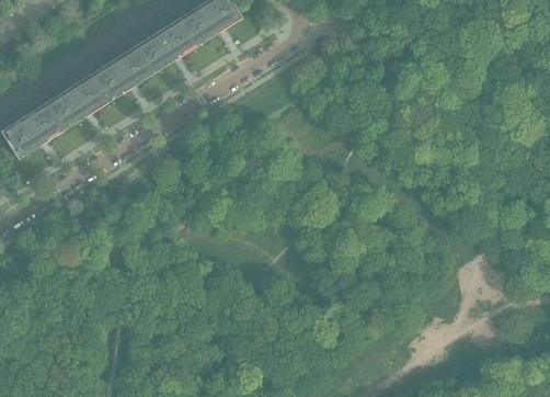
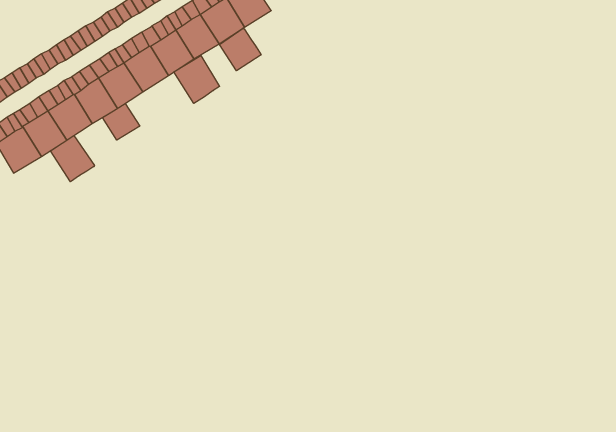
building: none -> [220,28,261,71]
building: none -> [174,55,220,103]
building: none -> [102,104,140,140]
building: none -> [50,136,94,182]

